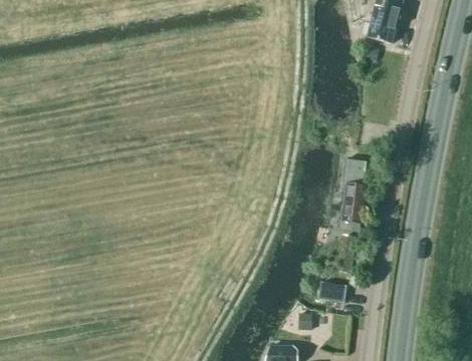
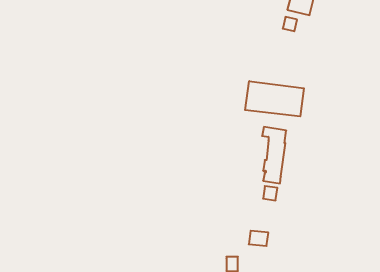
building: none -> [245,81,304,116]

